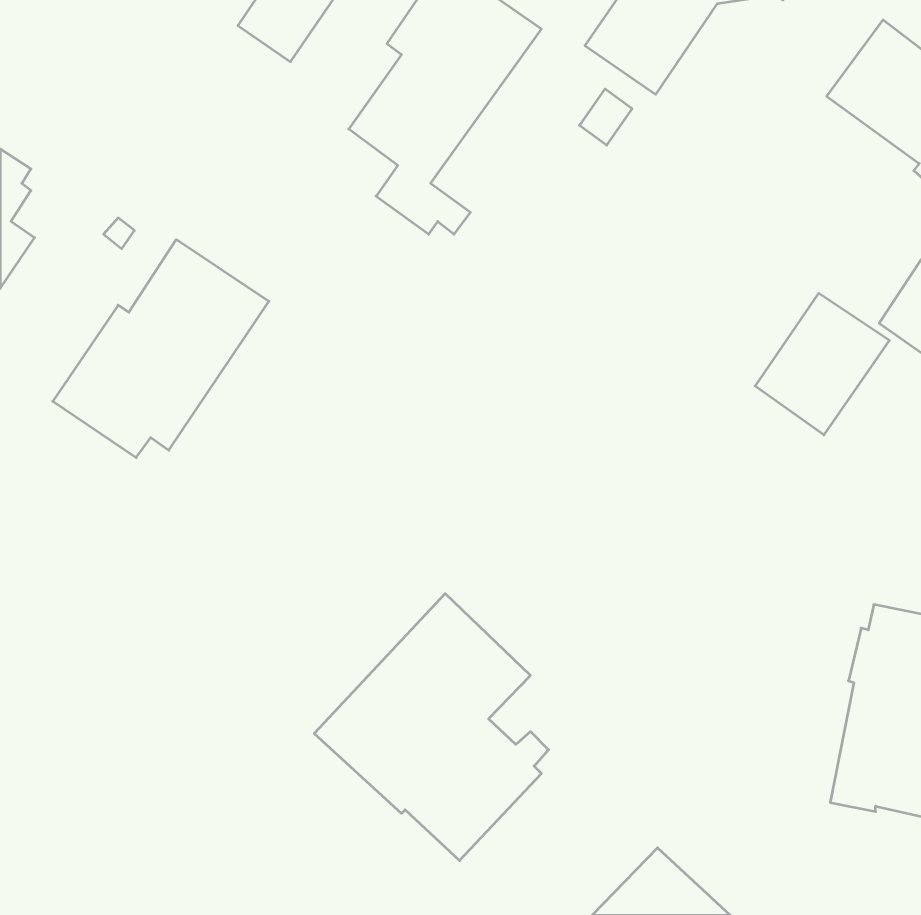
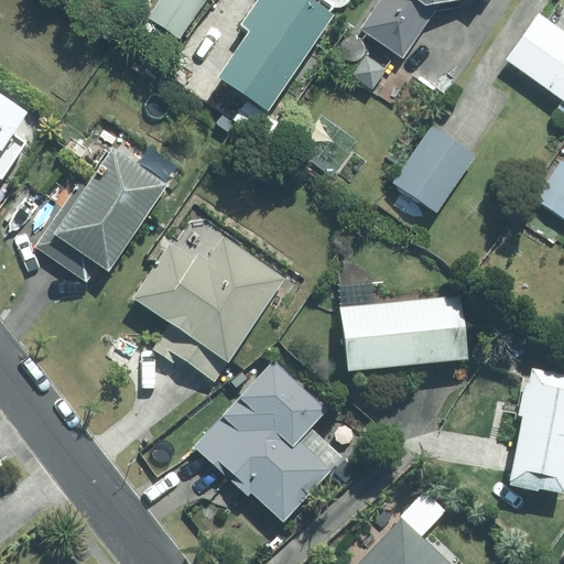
building: [755,293,889,435] -> [394,126,476,212]
building: none -> [132,235,286,380]
building: none -> [338,296,468,375]

